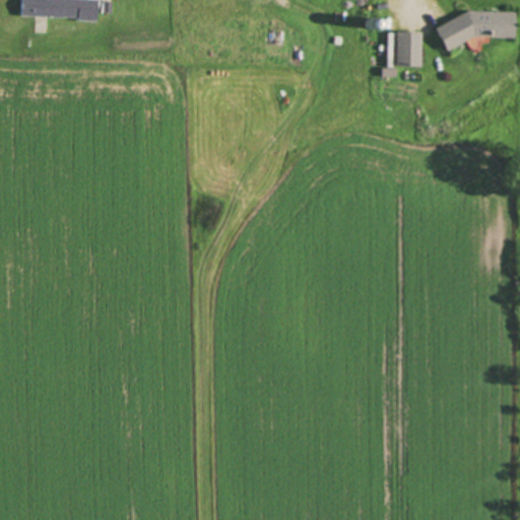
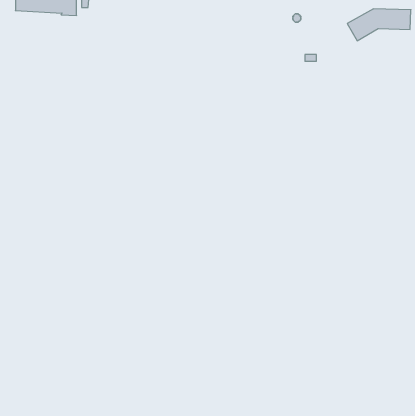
building: [395,30,420,65] -> none

